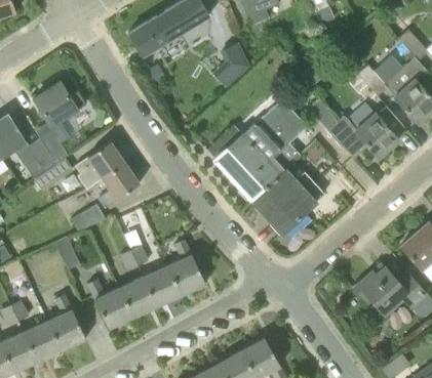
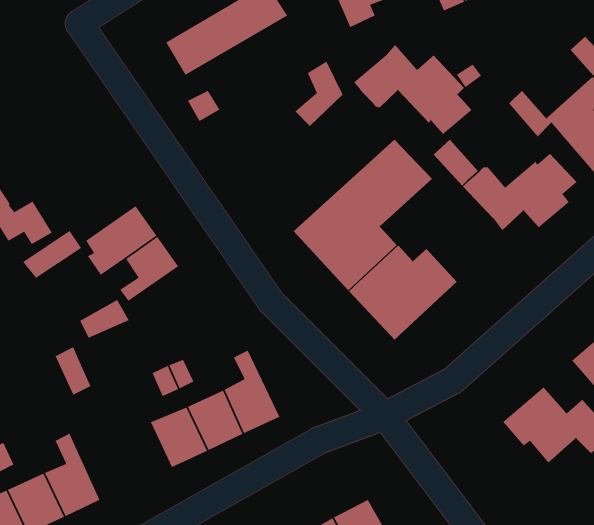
building: none -> [353,44,472,135]
building: [34,82,86,161] -> none
building: [88,280,133,329] -> none

